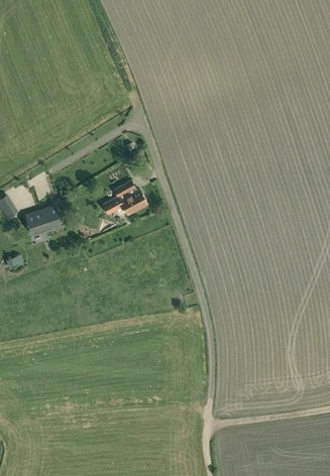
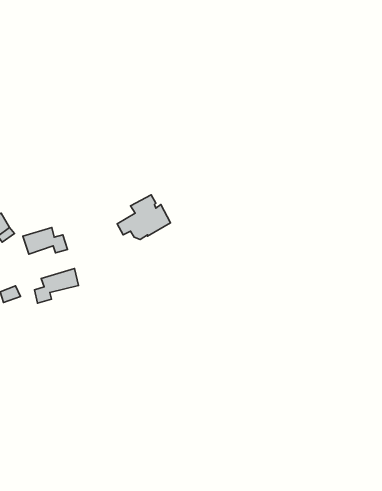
building: none -> [34,269,78,303]

